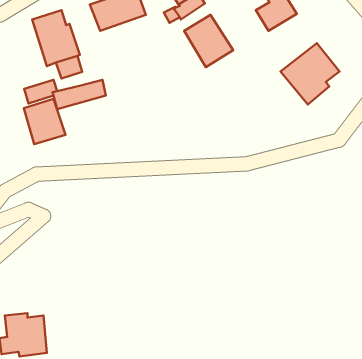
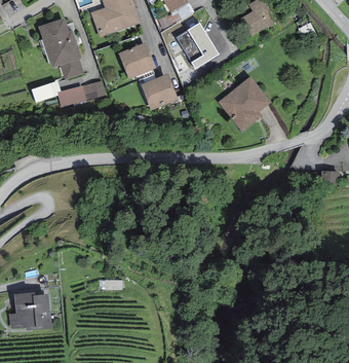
building: none -> [118,41,156,78]
building: [280,43,339,105] -> [218,76,271,132]
building: none -> [140,73,178,110]
building: [24,99,65,144] -> none

